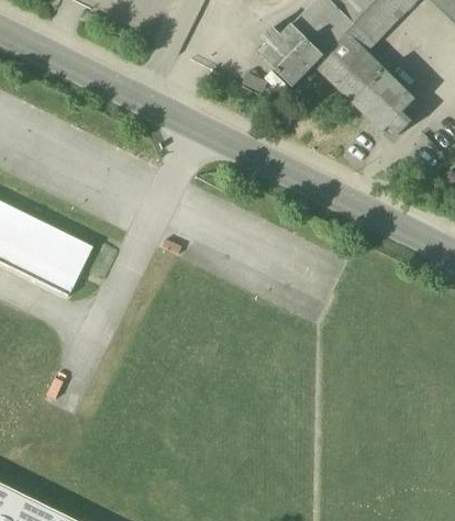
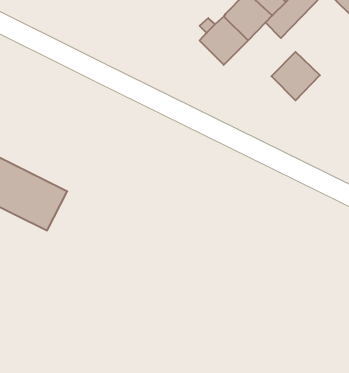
building: [314,33,384,101] -> none

